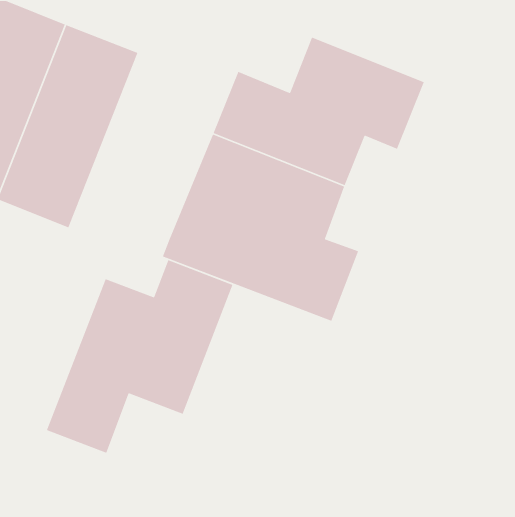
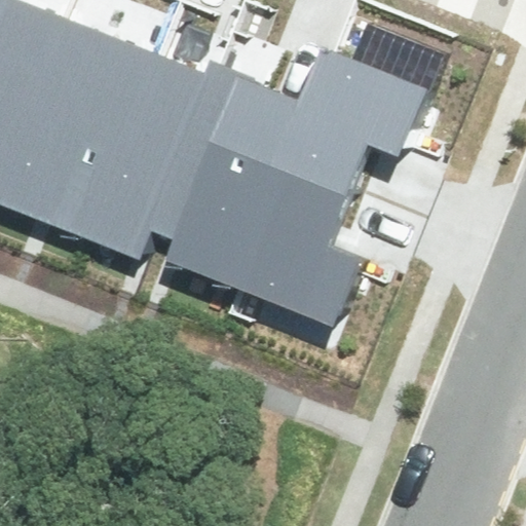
building: none -> [70,53,241,258]
building: [46,259,233,454] -> none

